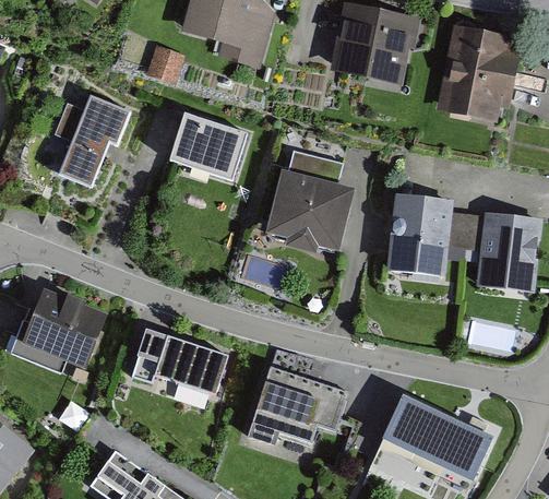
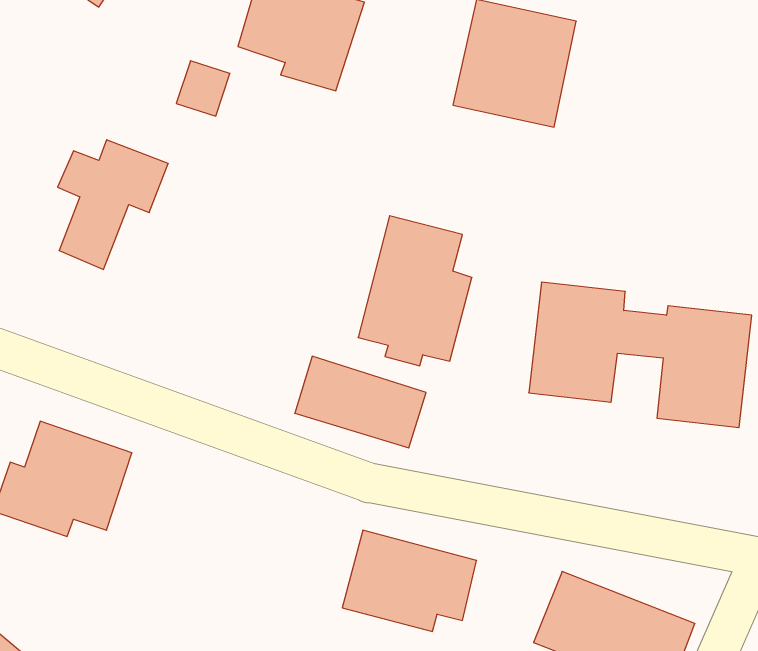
building: [439,27,520,124] -> none
building: [170,115,248,179] -> none
building: [140,332,230,395] -> [295,356,426,448]

